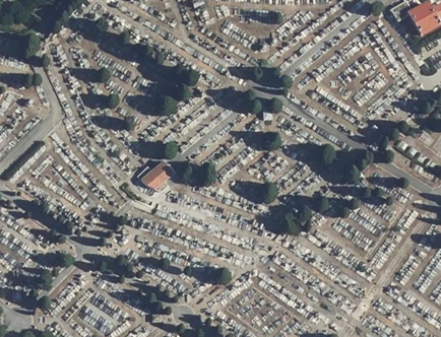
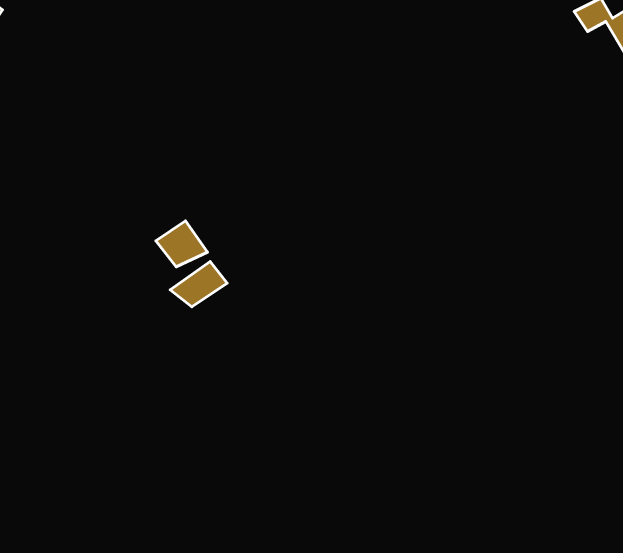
building: none -> [156,221,208,267]

